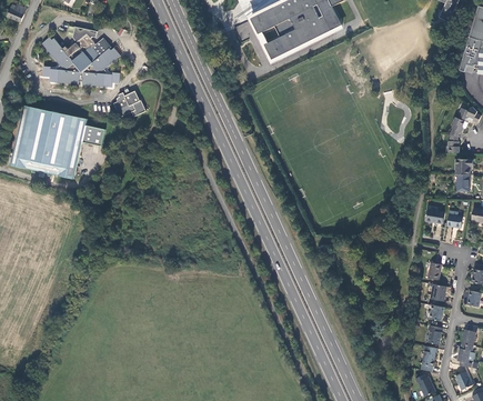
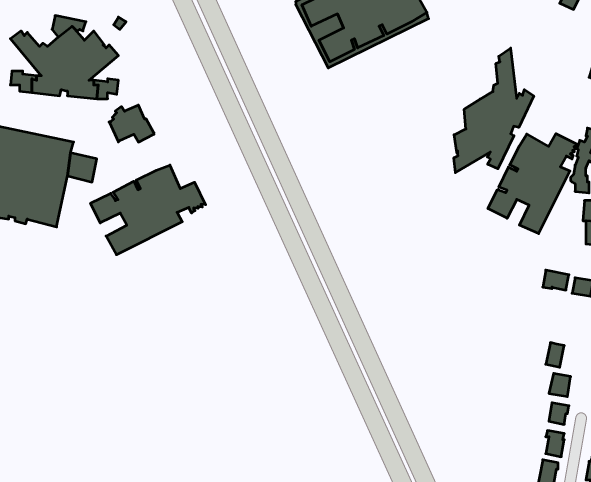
building: none -> [454,48,534,173]
building: none -> [488,134,578,234]
building: none -> [91,165,206,255]

